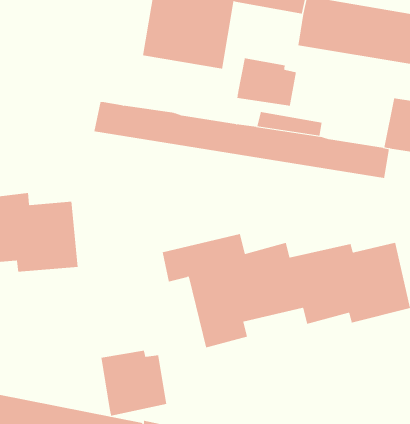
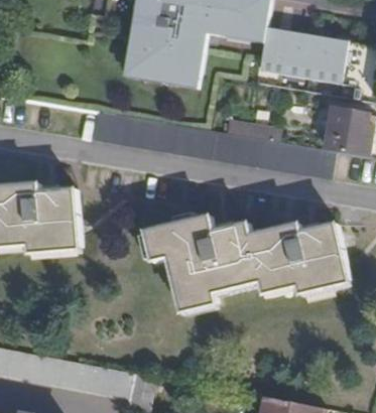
building: [237,57,297,106] -> none
building: [101,350,167,416] -> none

